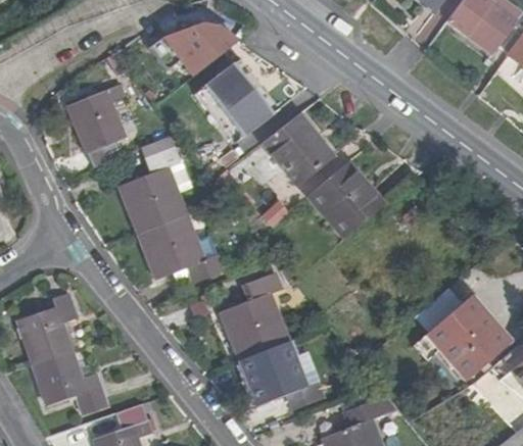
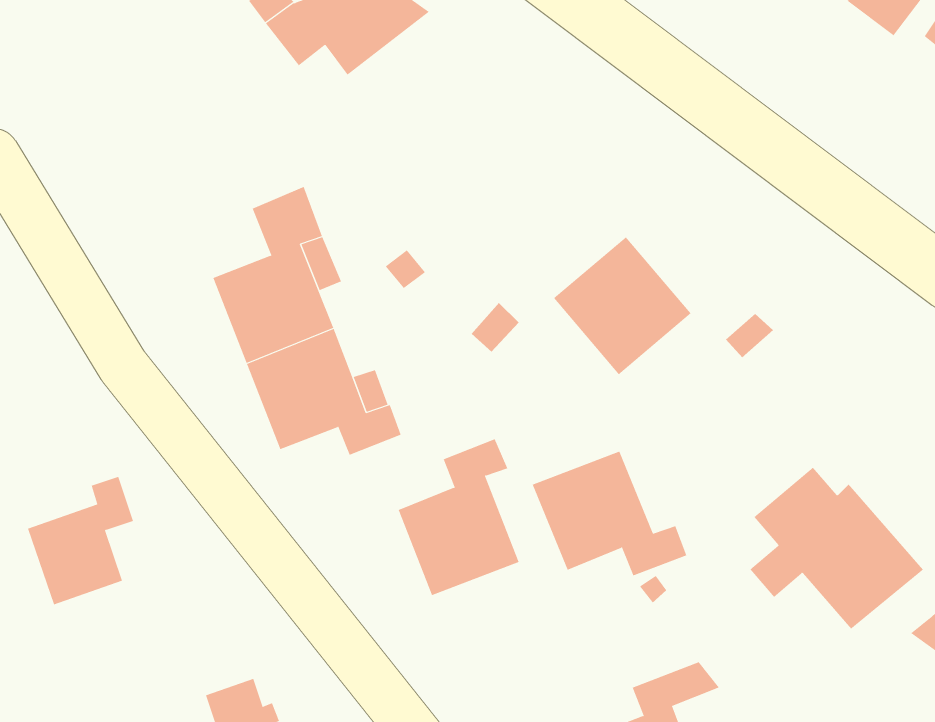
building: [194,56,276,140] -> none
building: [68,81,134,166] -> none
building: [263,113,332,184] -> none
building: [240,340,325,408] -> [532,451,687,576]
building: [34,350,107,410] -> none

